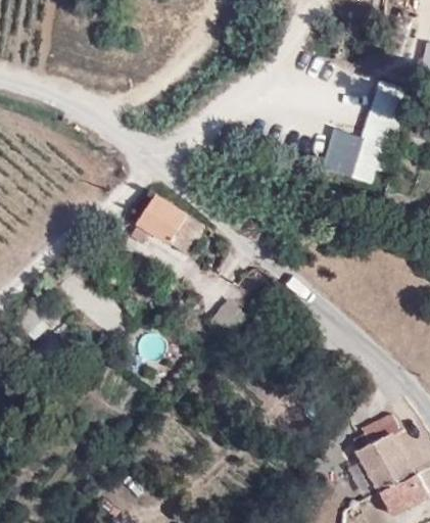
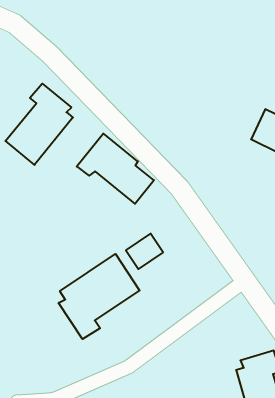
building: none -> [5,84,73,165]
building: none -> [59,254,140,339]

